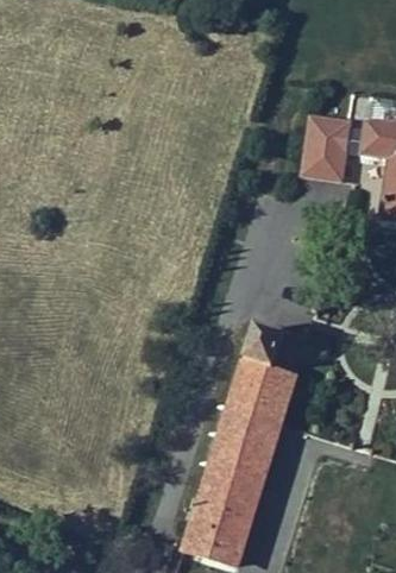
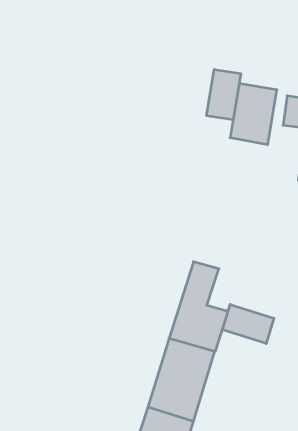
building: none -> [207,69,241,120]
building: none -> [222,304,274,344]

